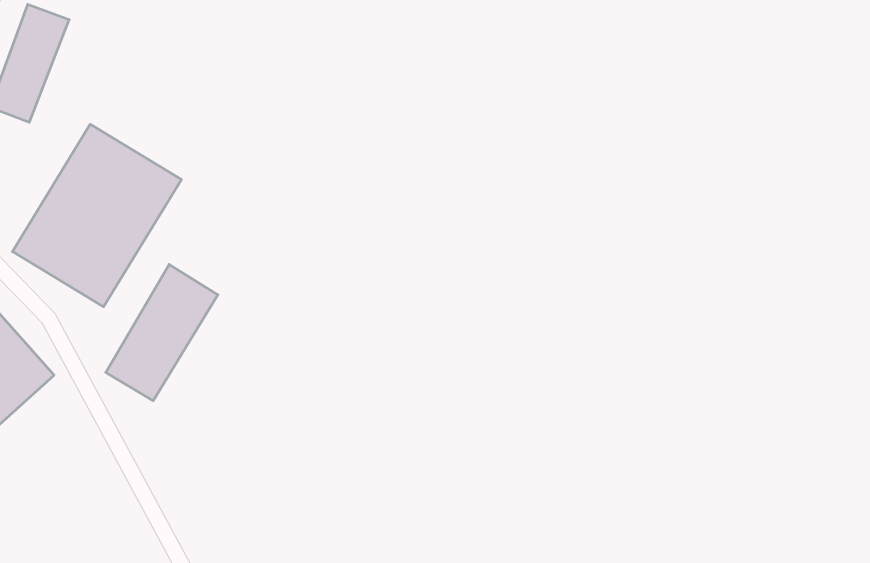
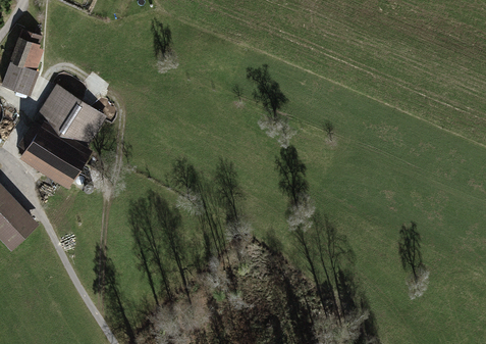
building: [106,264,218,401] -> none

